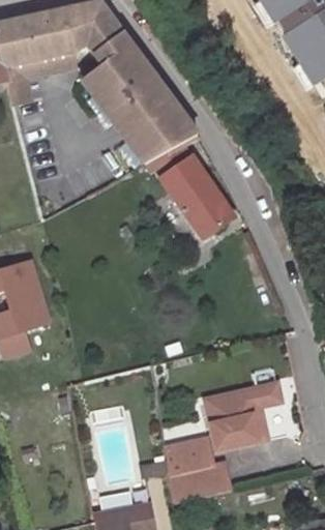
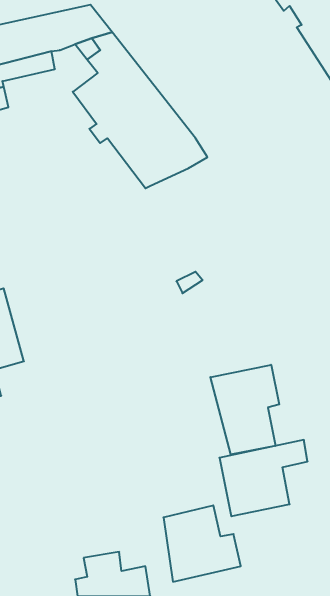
building: [151,146,236,238] -> none
building: none -> [210,365,279,454]

